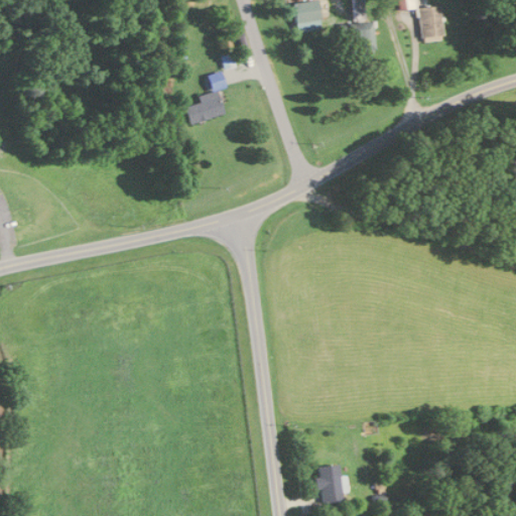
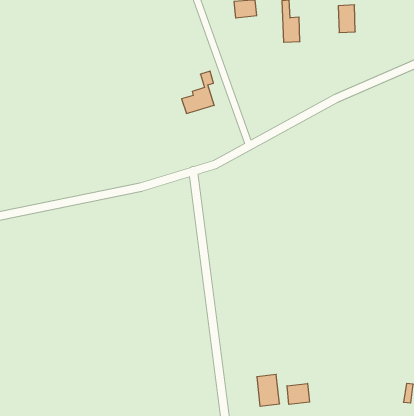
building: [184,72,225,124] -> [182,71,214,113]
building: none -> [287,383,309,404]

